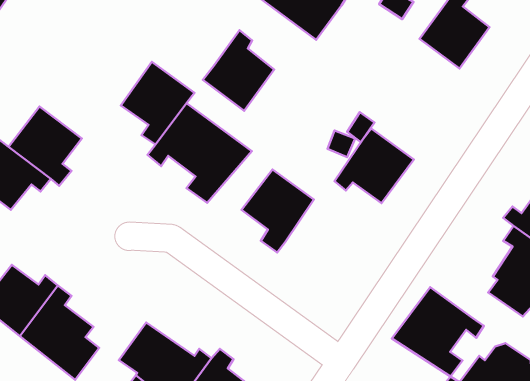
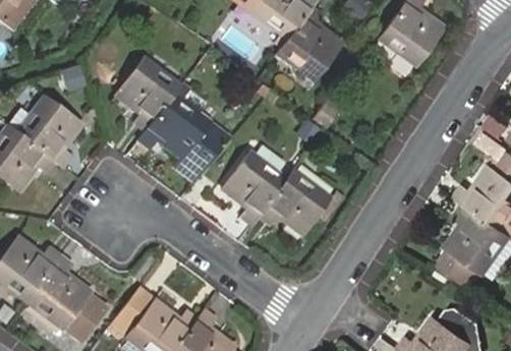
building: [203,30,274,111] -> [279,7,342,78]
building: [334,128,414,203] -> [262,170,332,236]
building: [392,287,484,376] -> none

